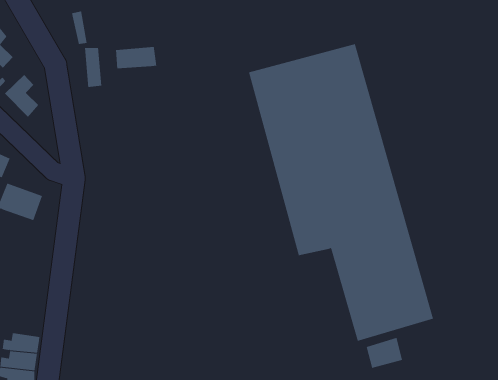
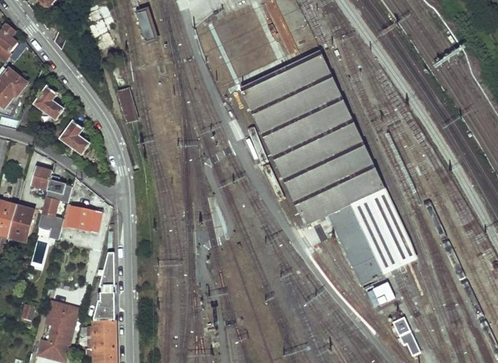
building: [115,46,157,69] -> none
building: none -> [93,251,115,319]

